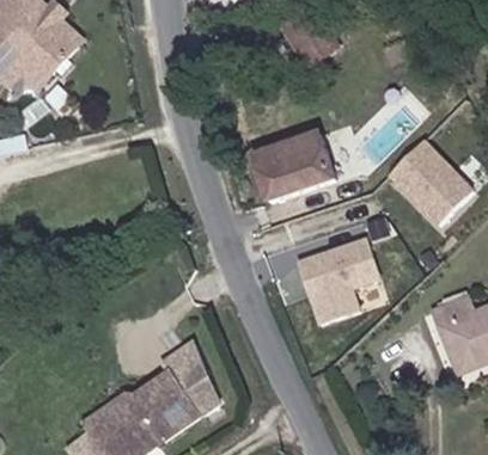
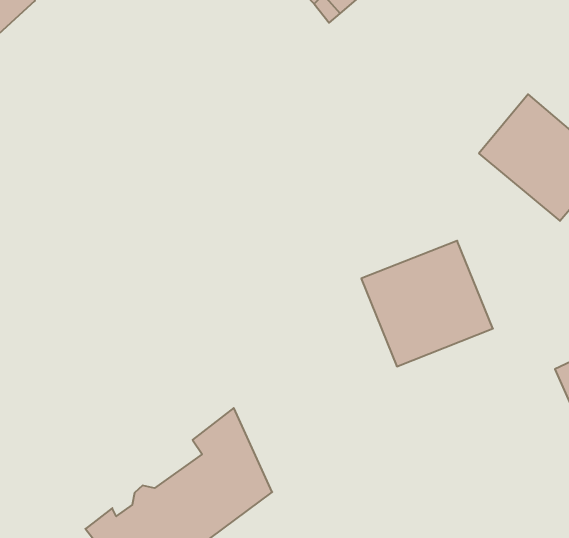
building: [244,133,327,205] -> none

